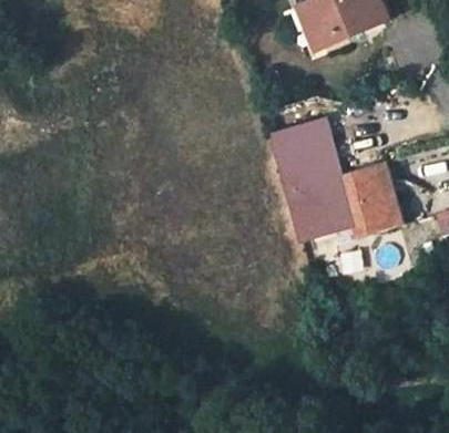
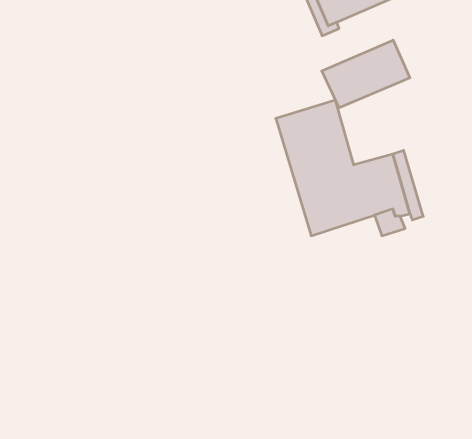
building: none -> [322,40,410,108]

